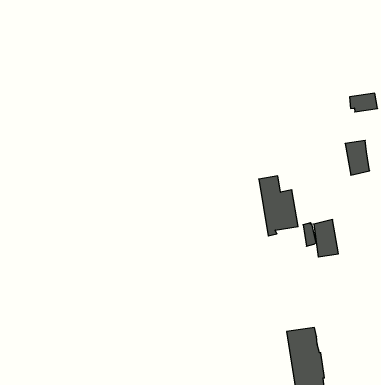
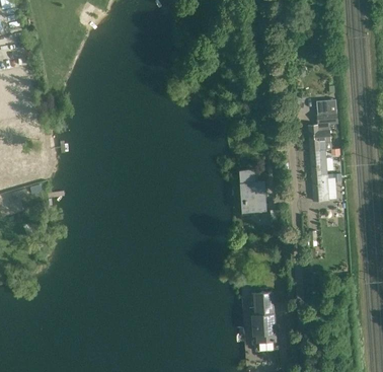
building: none -> [308,124,330,149]
building: [314,220,338,257] -> [312,172,329,201]

